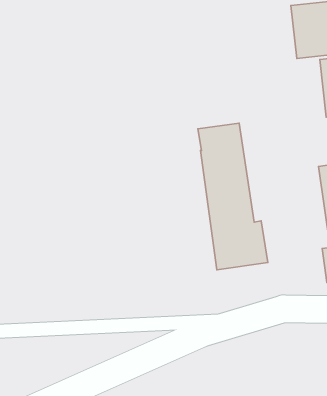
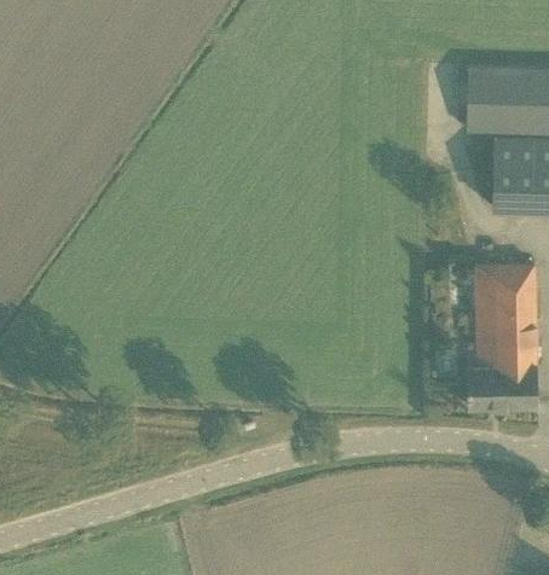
building: [198,123,268,270] -> none

